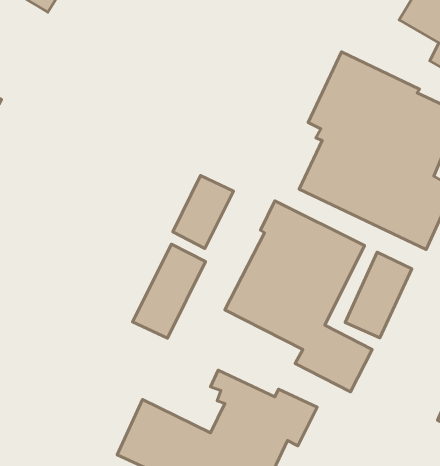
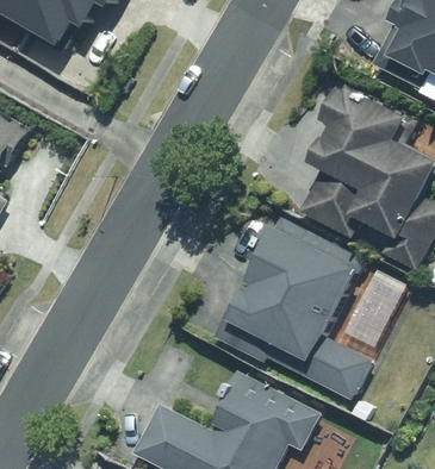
building: [173,175,234,248] -> none
building: [133,244,205,338] -> none

